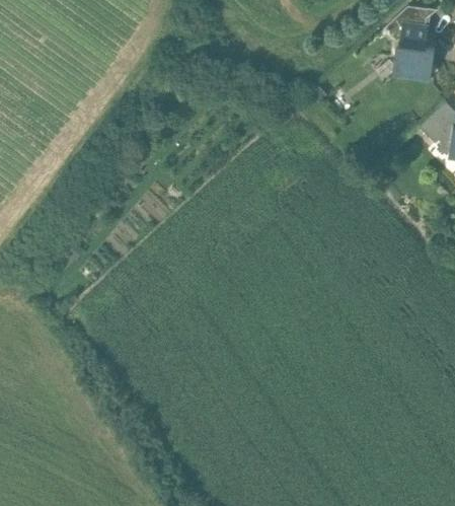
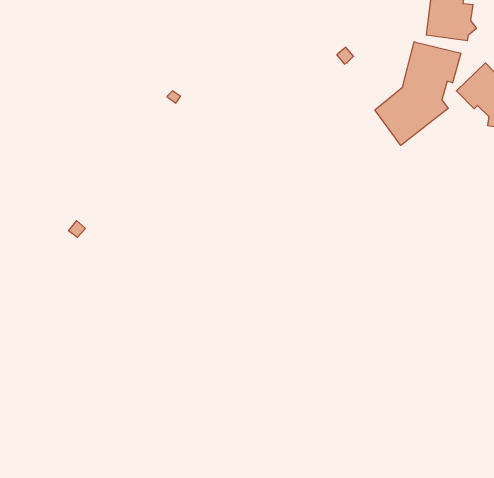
building: none -> [375,42,461,145]

